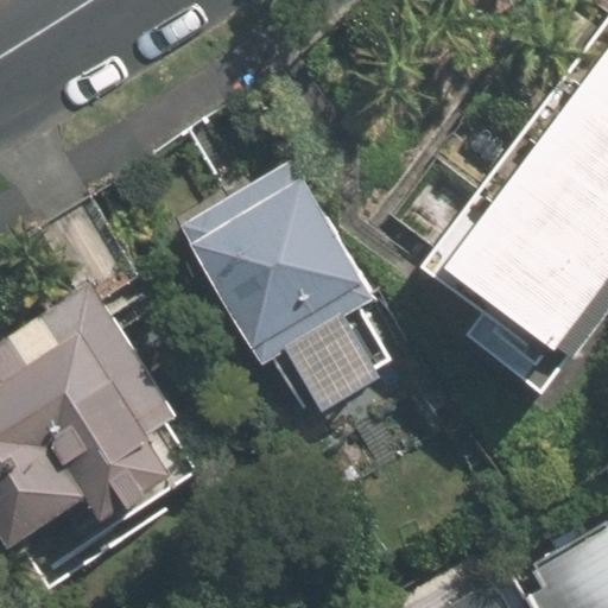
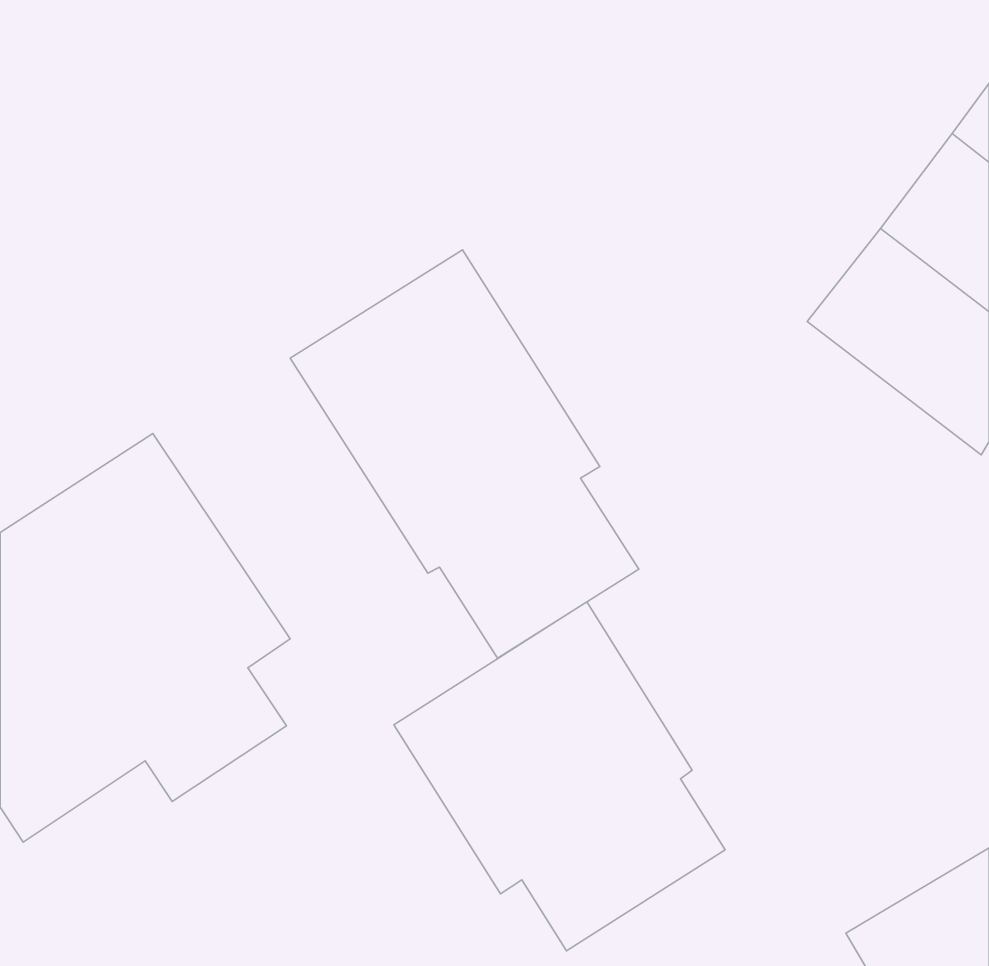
building: [451,211,602,350] -> none
building: none -> [394,602,725,951]

